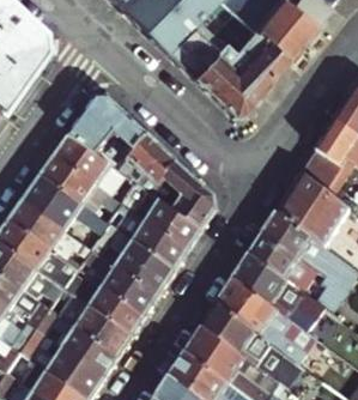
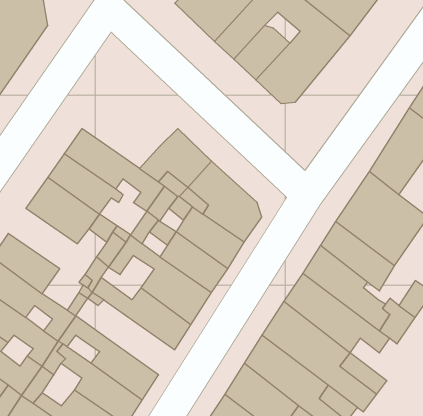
building: [71,96,148,151] -> none
building: [11,198,67,247] -> none
building: [91,284,146,333] -> none

